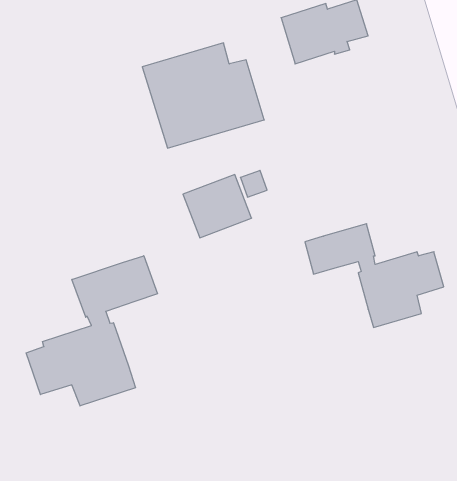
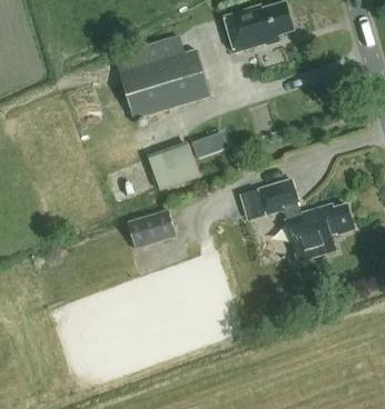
building: [26,256,158,406] -> none
building: none -> [127,209,176,250]

